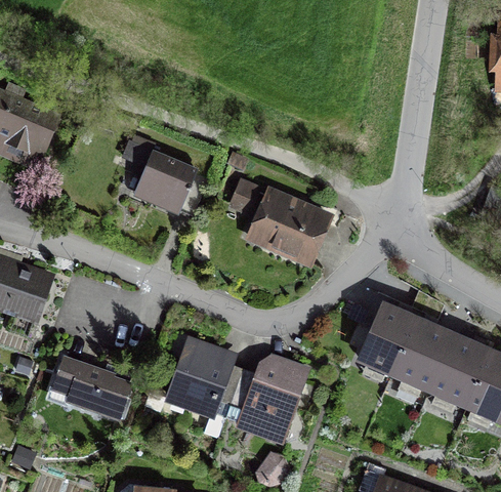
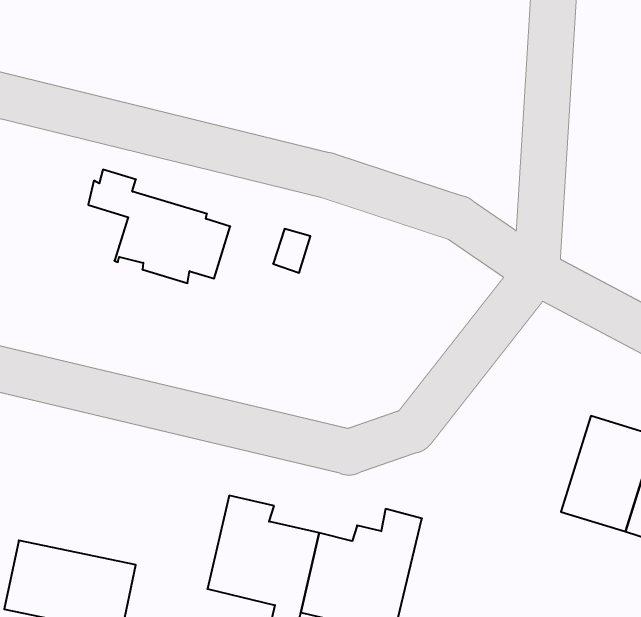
building: [251,192,328,260] -> none
building: [359,302,416,373] -> none

